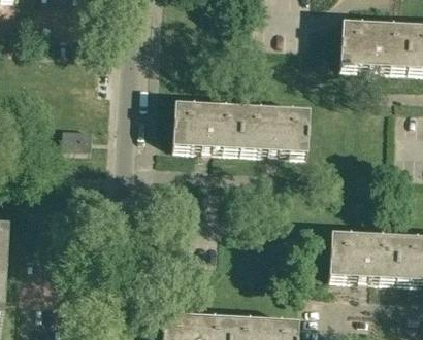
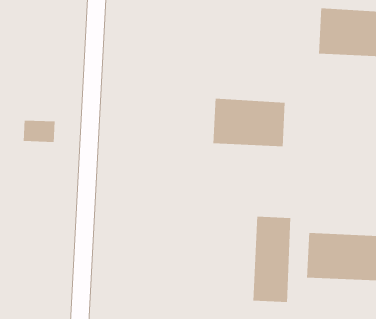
building: [173,104,243,150] -> none
building: none -> [252,216,291,303]

